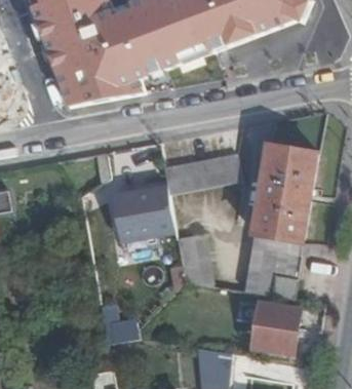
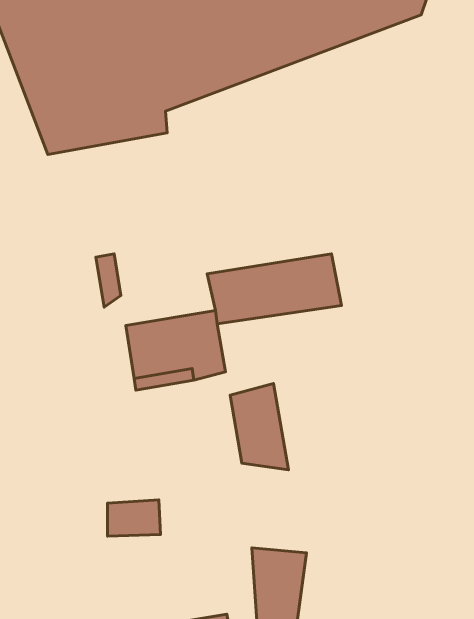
building: [245,153,320,310] -> none
building: [252,313,299,362] -> none

